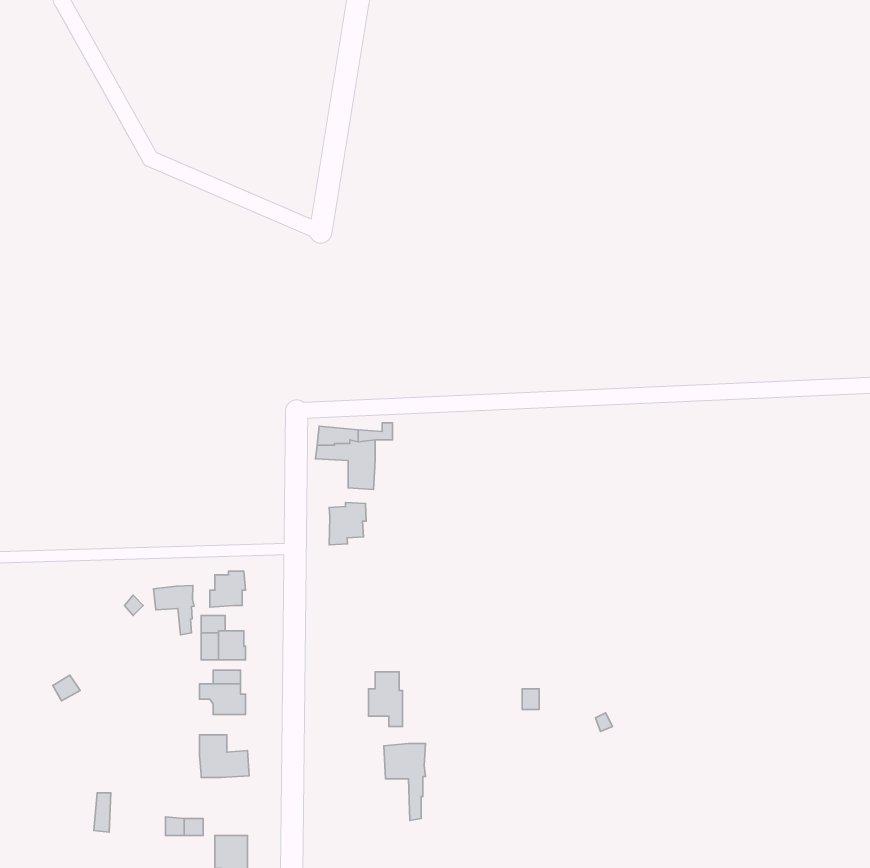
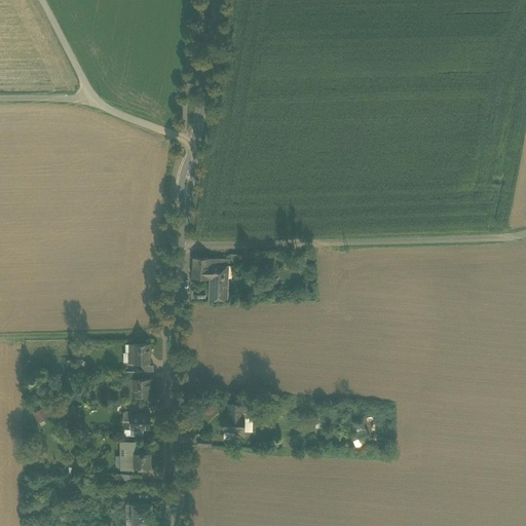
building: [329,503,366,545] -> none
building: [153,585,194,635] -> none
building: [384,744,426,821] -> none

